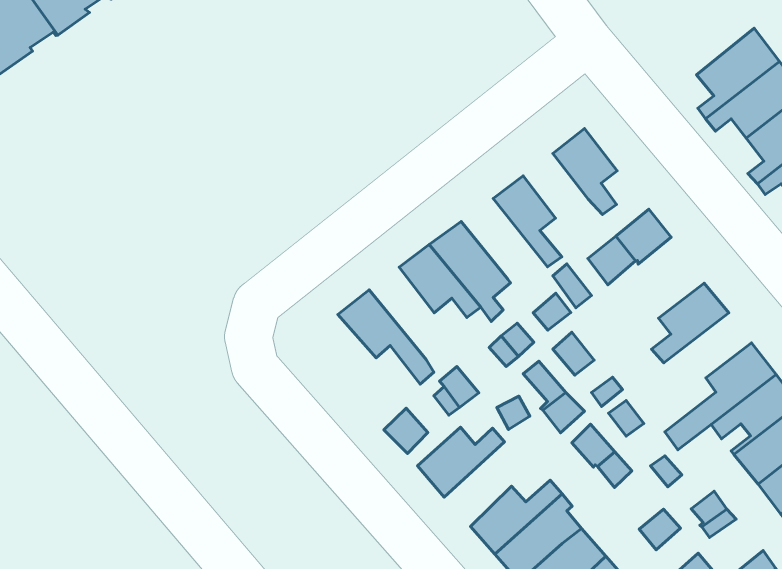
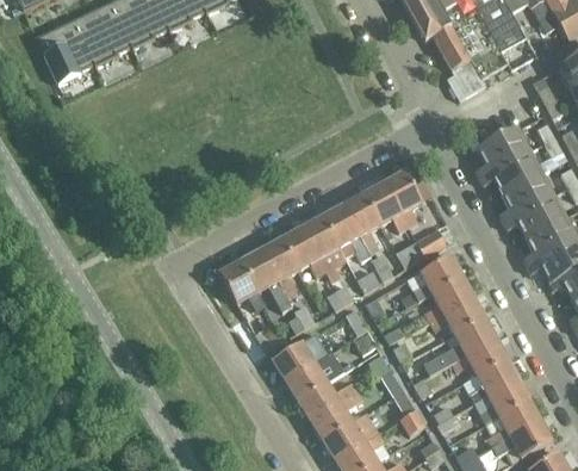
building: none -> [363,184,408,230]
building: none -> [322,205,371,259]
building: none -> [412,255,462,300]
building: none -> [260,237,297,296]
building: none -> [430,297,485,334]
building: none -> [218,260,263,308]
building: none -> [285,349,343,401]

